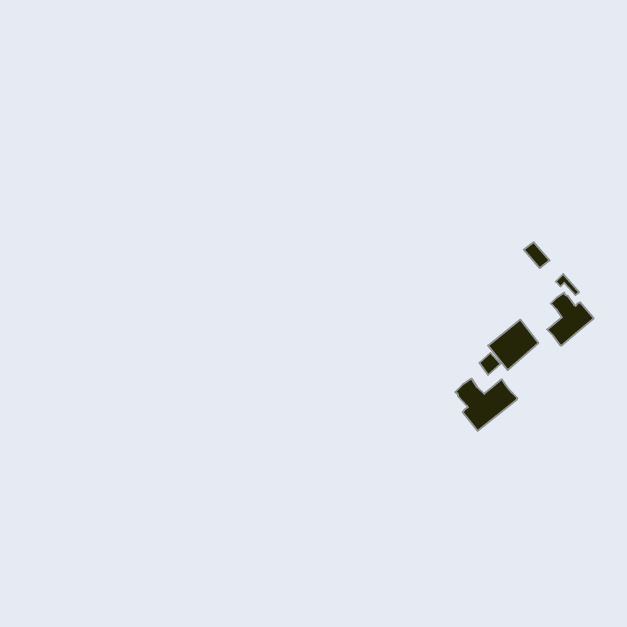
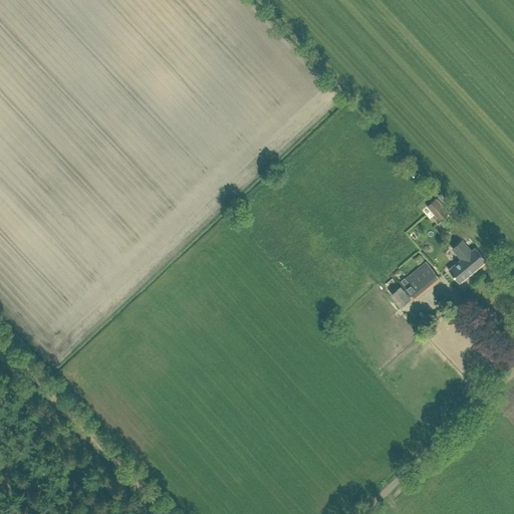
building: [455,379,517,431] -> none

